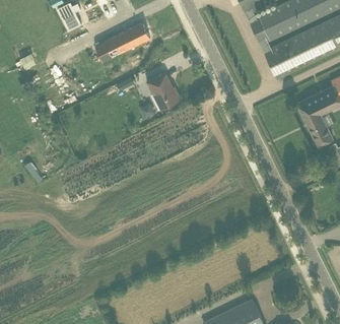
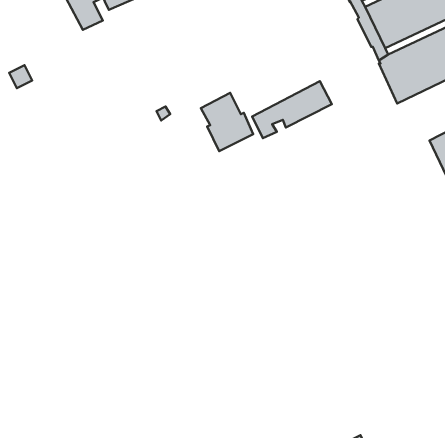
building: [97,21,150,59] -> [252,81,332,138]

